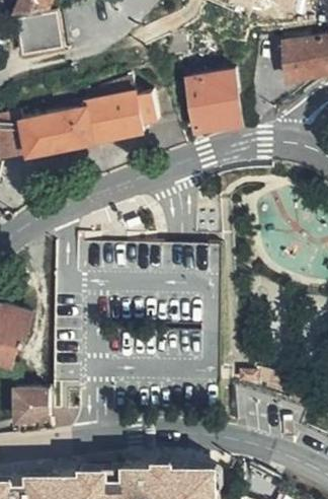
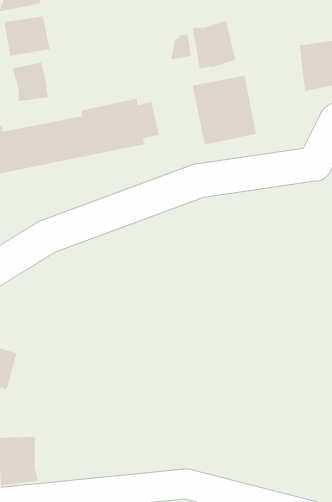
building: none -> [192,20,236,70]
building: none -> [12,62,49,102]

